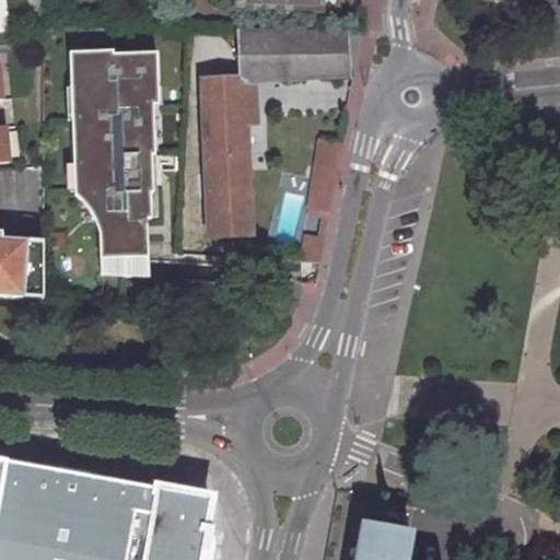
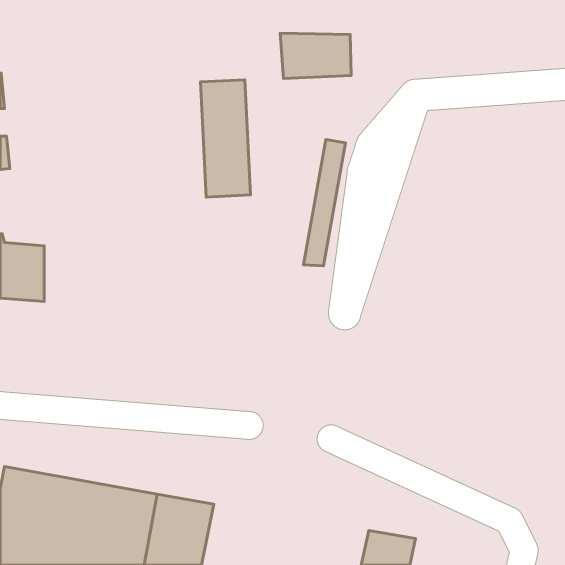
building: [240,33,281,79] -> none
building: [69,47,160,277] -> none
building: [205,192,252,238] -> none

